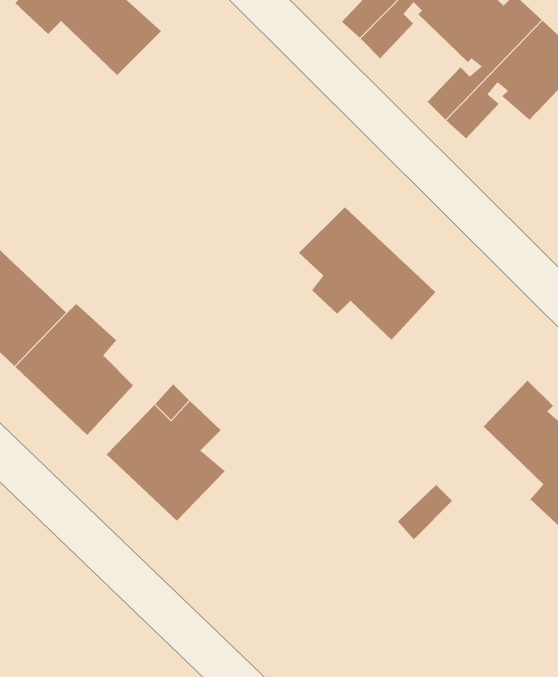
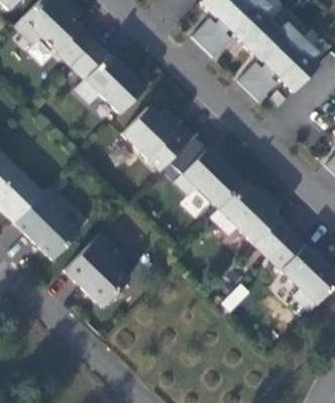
building: none -> [71,42,144,114]
building: none -> [122,107,194,171]
building: none -> [212,176,293,256]

